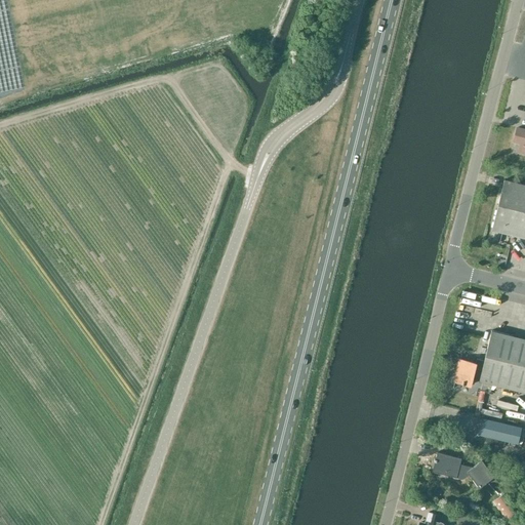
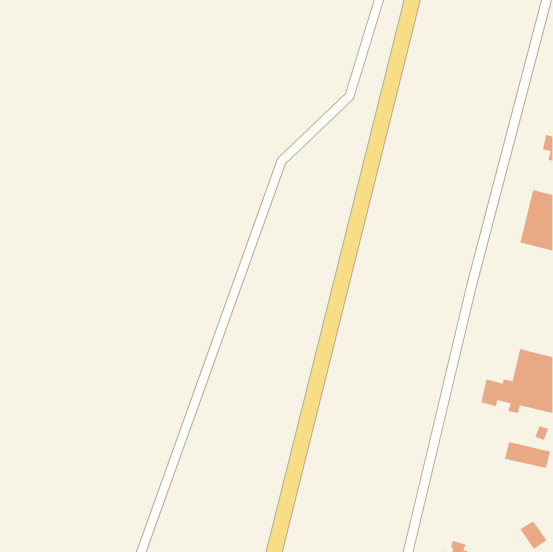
building: [433,453,494,489] -> none

